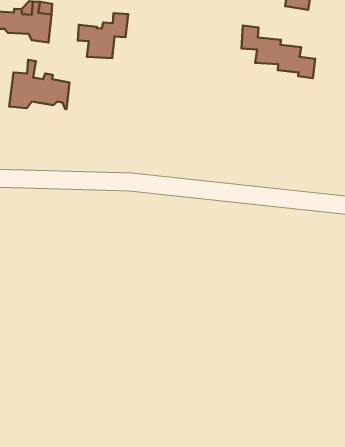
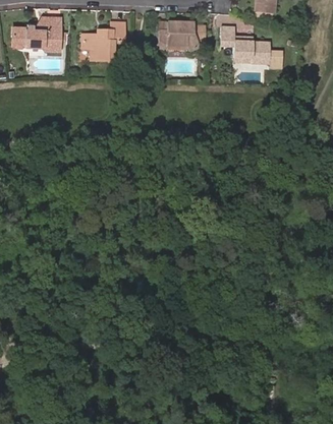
building: none -> [157,22,204,52]
building: [9,60,70,109] -> none

